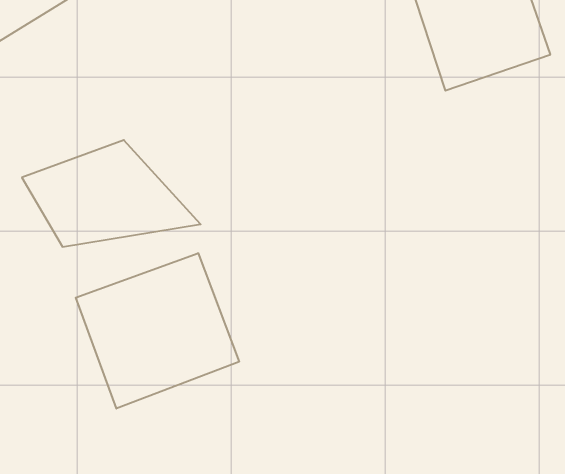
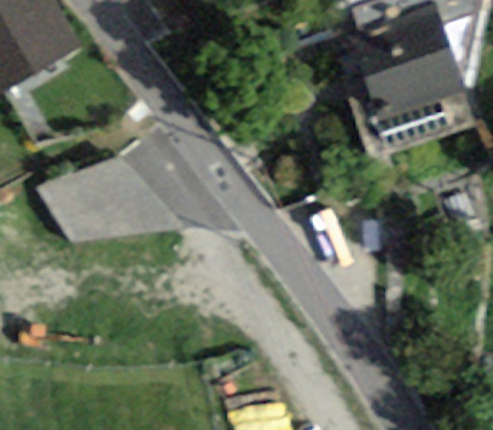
building: [76,253,239,409] -> none

